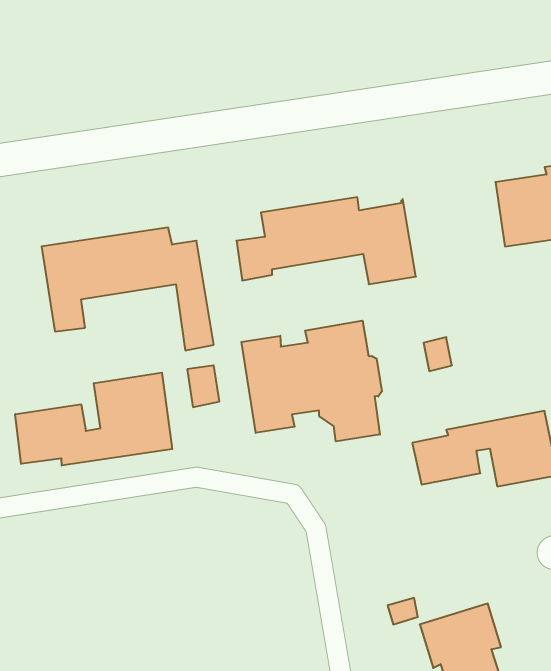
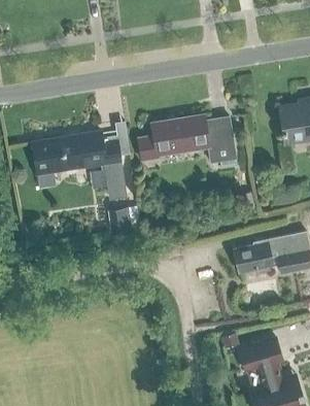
building: [241,321,382,441] -> none
building: [15,373,172,466] -> none

